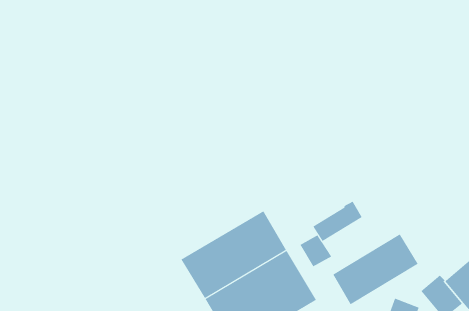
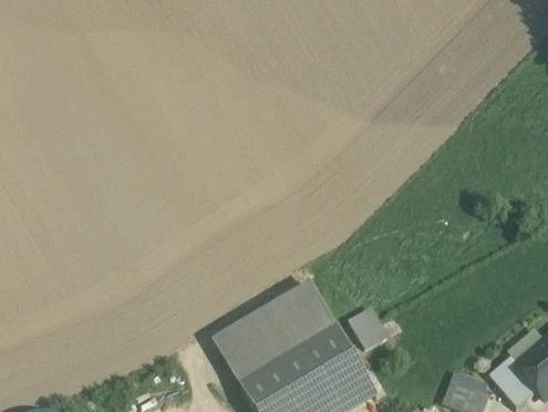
building: [312,201,363,242] -> none
building: [332,233,418,305] -> none

